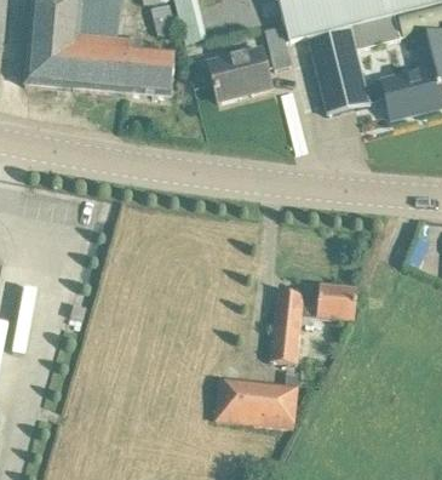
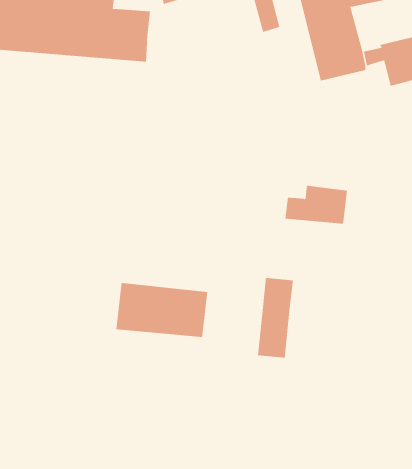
building: [207,47,271,99] -> none
building: [300,284,357,319] -> [285,185,348,224]
building: [214,378,298,428] -> [115,282,208,338]

